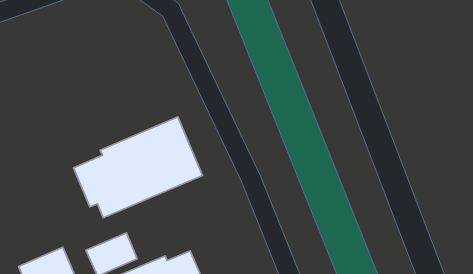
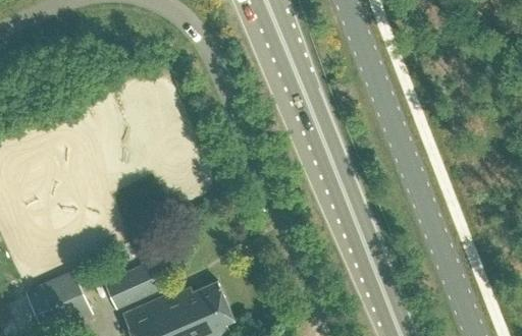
building: [74,117,203,218] -> none

